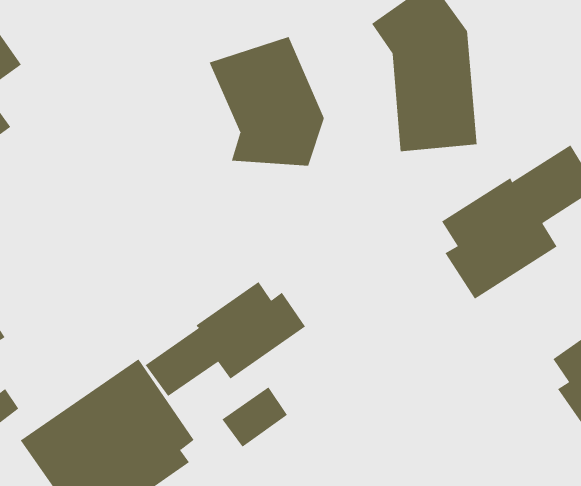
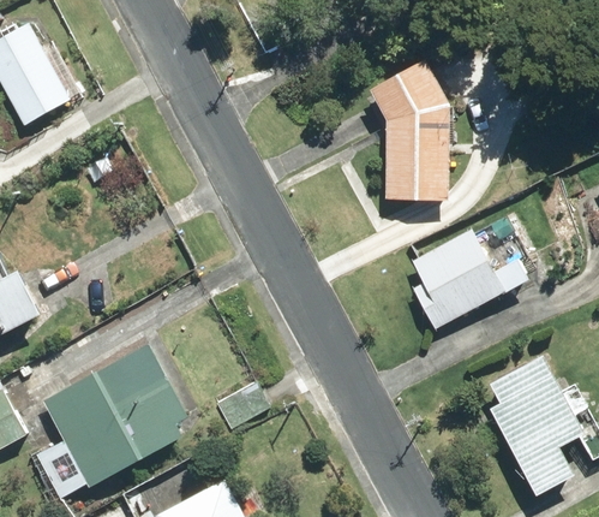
building: [209,36,324,166] -> none
building: [145,281,306,397] -> none

